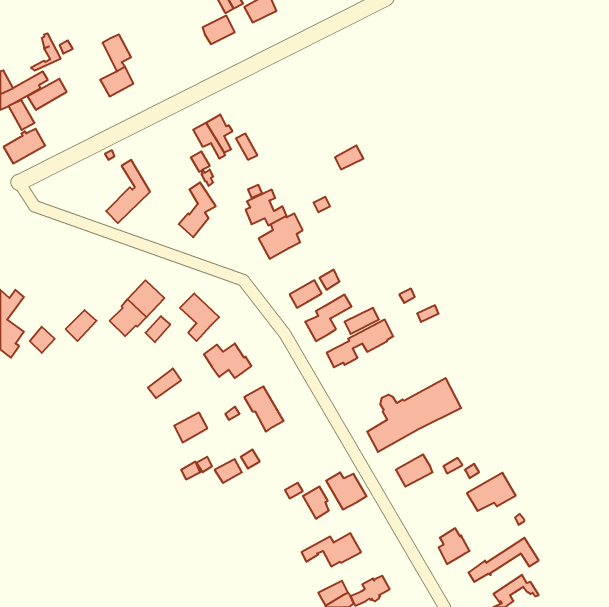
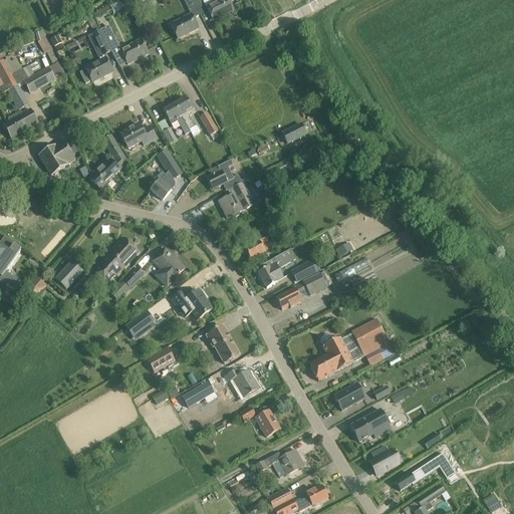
building: none -> [100,24,148,63]
building: none -> [119,122,156,148]
building: none -> [38,140,74,175]
building: [326,472,367,509] -> [224,368,258,400]
building: [467,473,516,511] -> [349,409,391,441]

